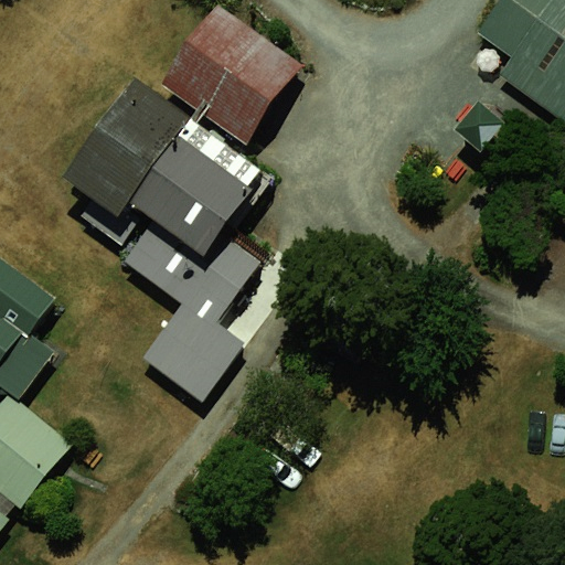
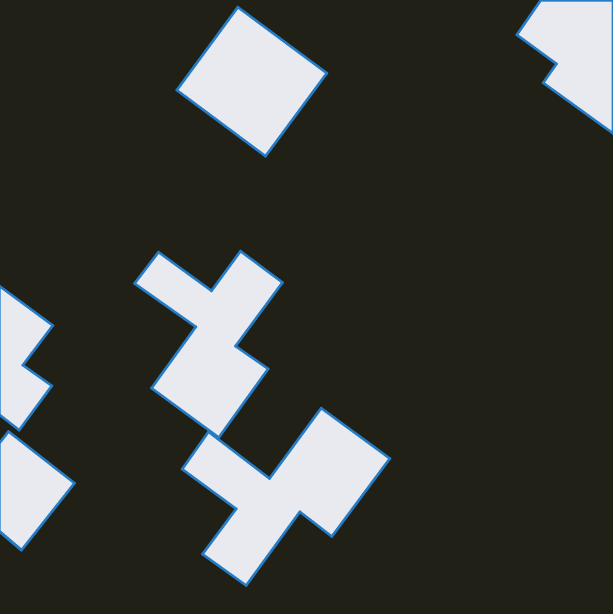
building: [70,81,264,267] -> none
building: none -> [182,408,390,586]

